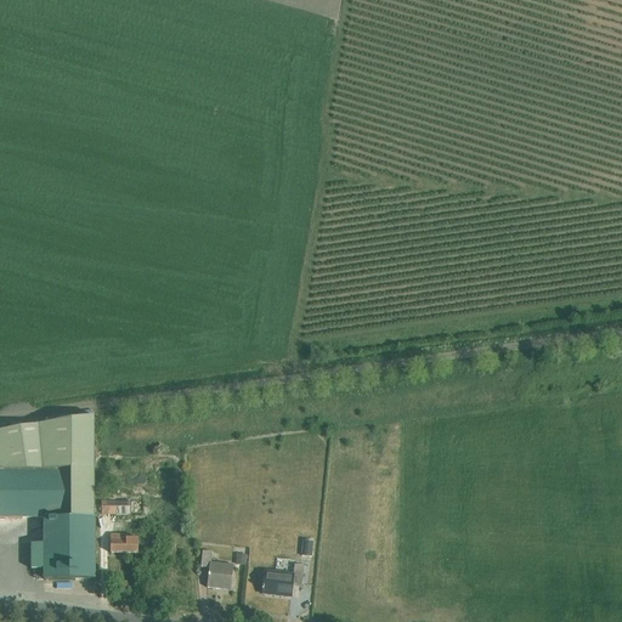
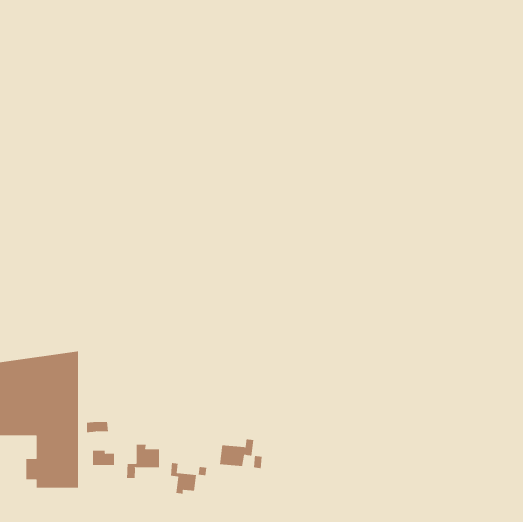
building: none -> [126,444,160,479]
building: [261,562,302,595] -> [219,439,254,466]

